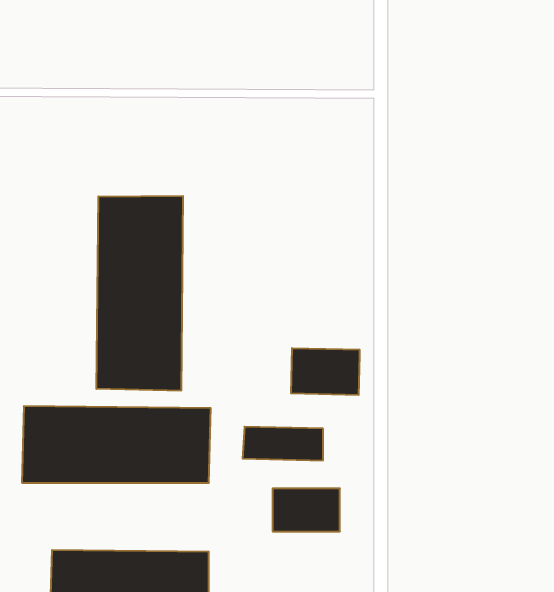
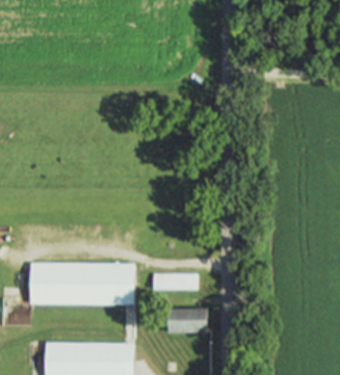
building: [96,196,183,391] -> none
building: [291,348,360,395] -> none

